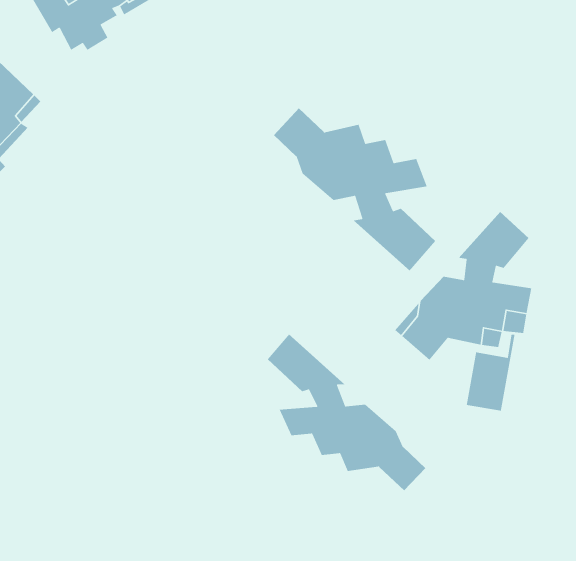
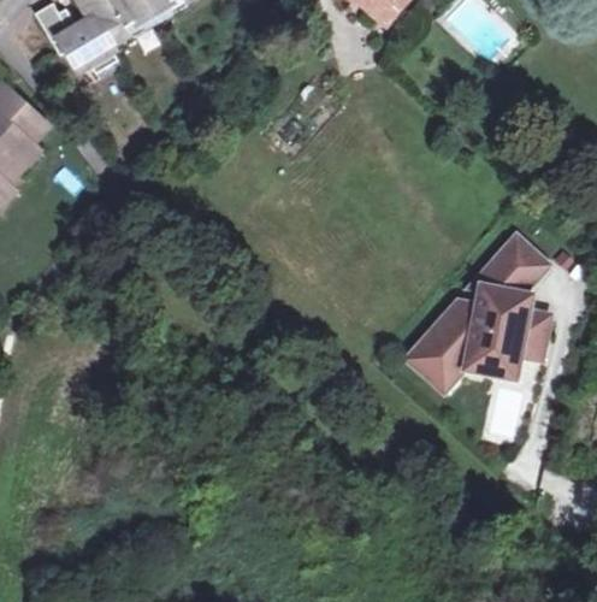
building: [273,108,436,271] -> none
building: [267,334,426,491] -> none

